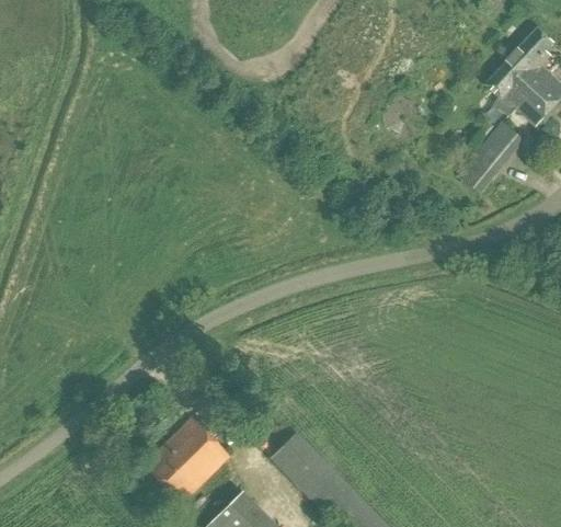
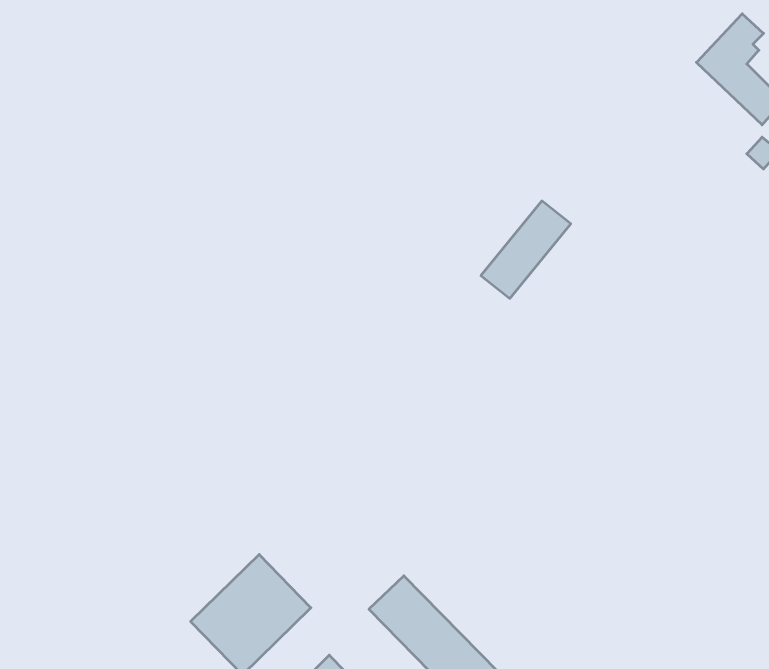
building: [486,62,553,125] -> none
building: [460,122,525,192] -> [481,201,571,298]

